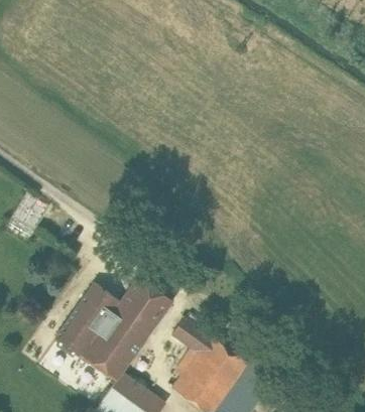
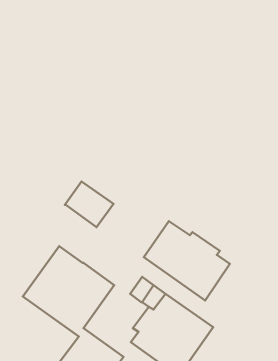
building: none -> [144,221,230,301]
building: [121,276,173,325] -> [65,182,113,227]

